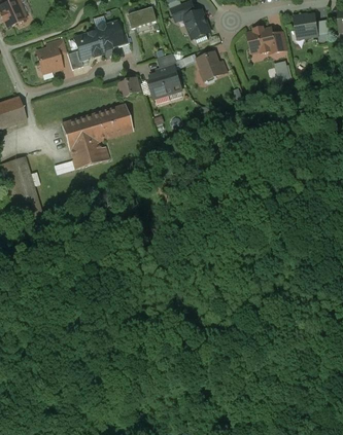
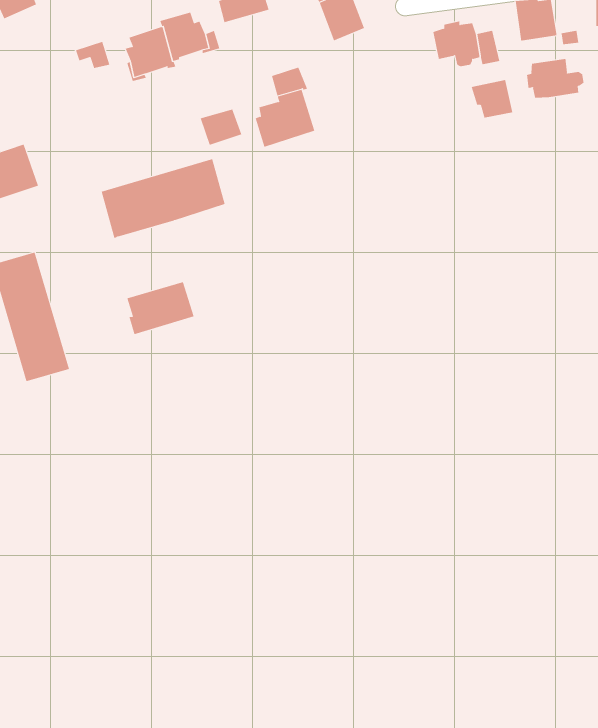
building: [37,47,62,70] -> none
building: none -> [527,58,584,99]
building: [198,51,228,79] -> none
building: [71,139,109,169] -> [127,282,194,335]

